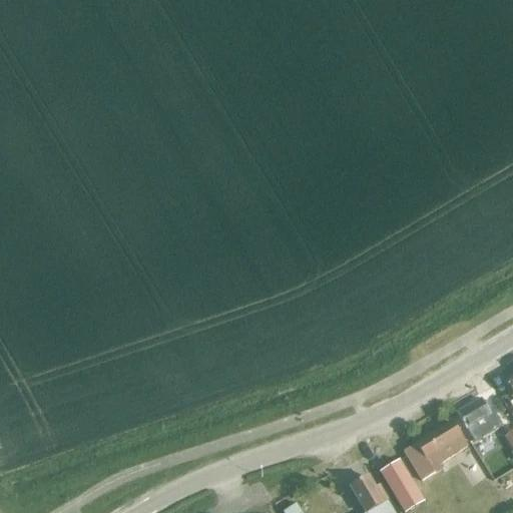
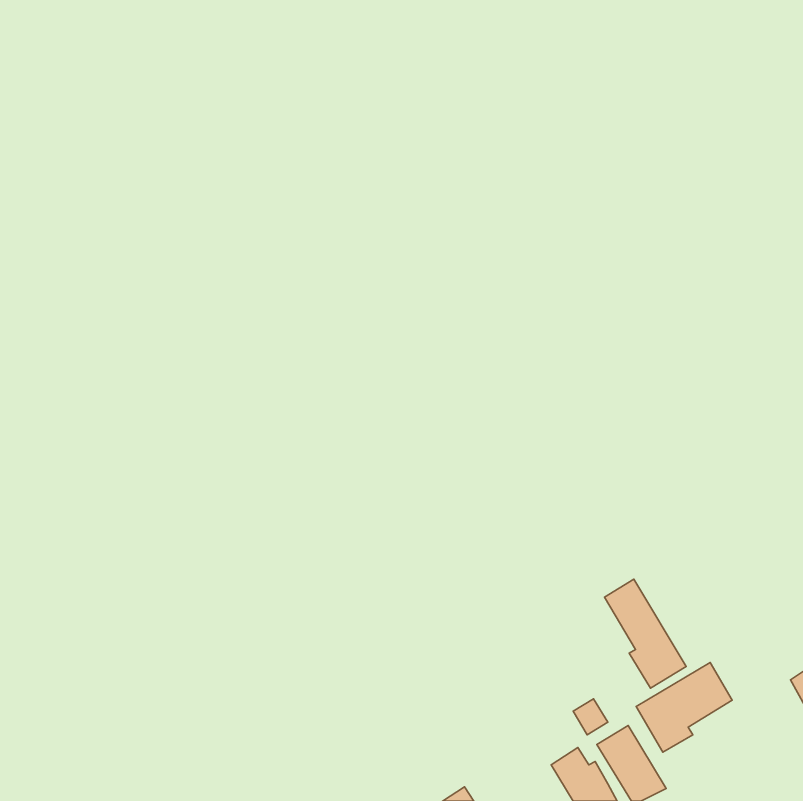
building: none -> [605,579,686,688]
building: [459,398,502,441] -> none

